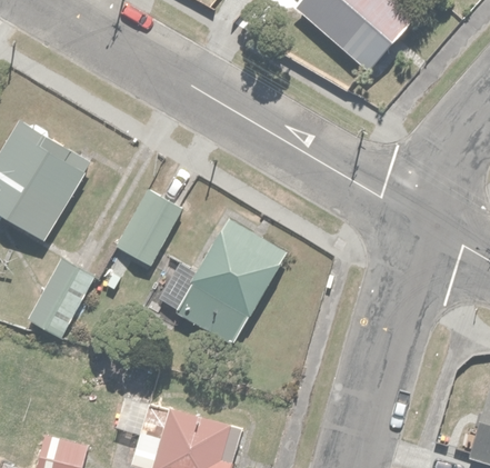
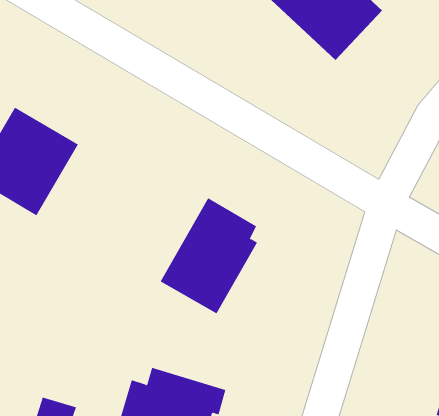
building: [114,190,184,268] -> none
building: [24,256,98,340] -> none

